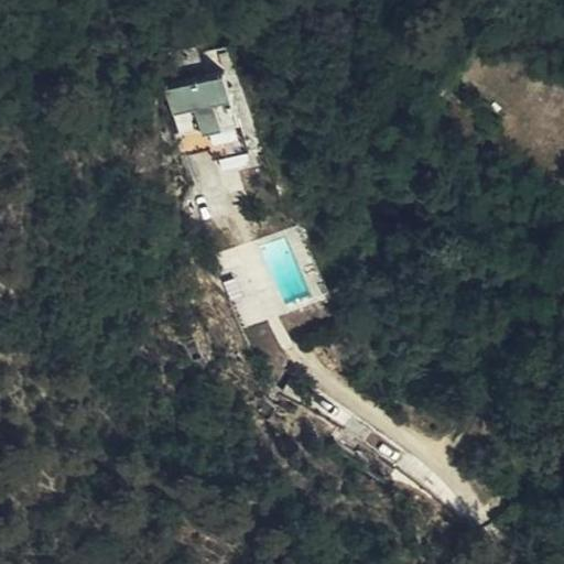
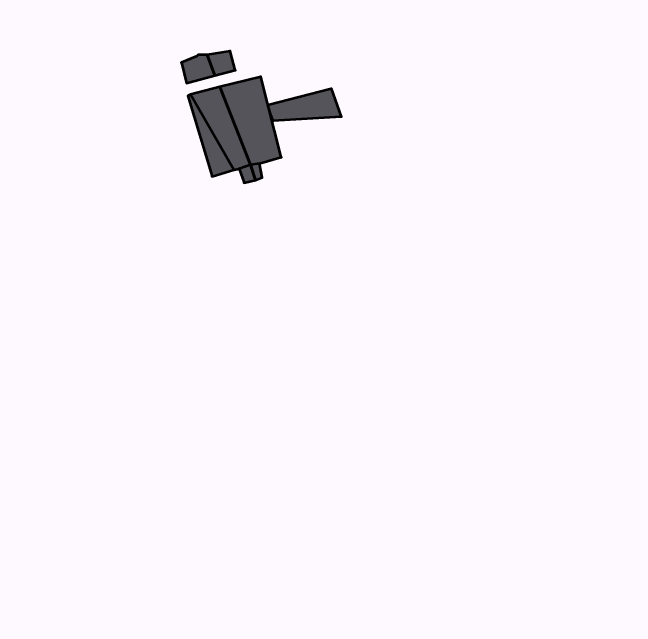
building: none -> [268,89,341,121]

